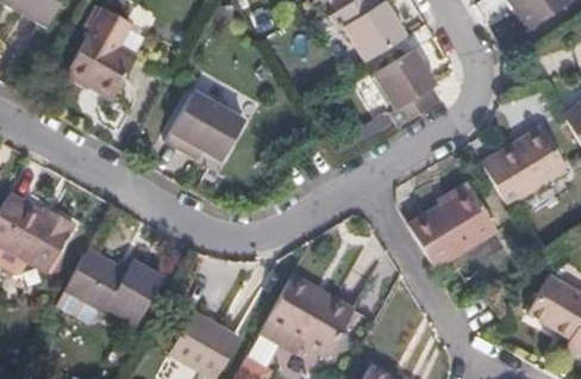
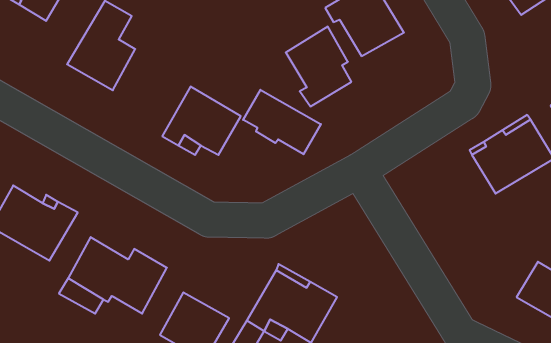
building: [374,48,441,129] -> [286,27,351,106]
building: none -> [243,90,321,154]
building: [405,180,500,266] -> none

